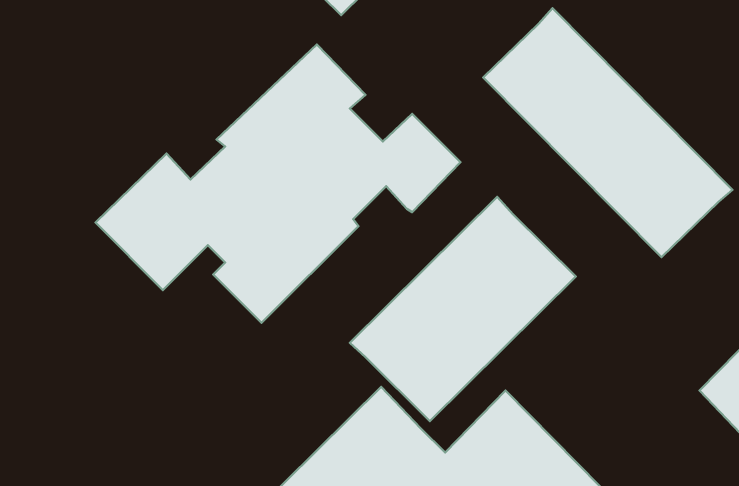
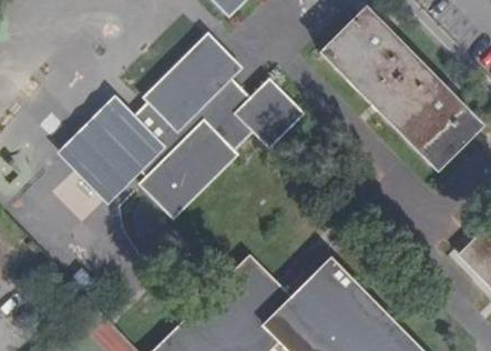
building: [350,197,576,421] -> none

